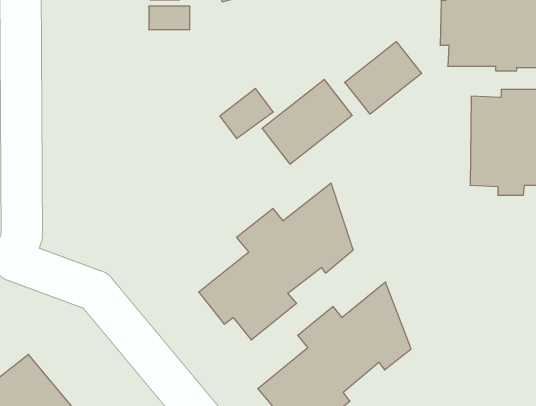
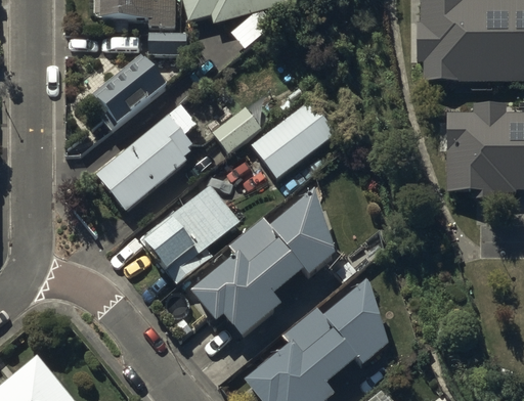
building: none -> [91,49,168,123]
building: [345,42,422,114] -> none
building: none -> [96,100,198,208]
building: none -> [141,180,239,279]

